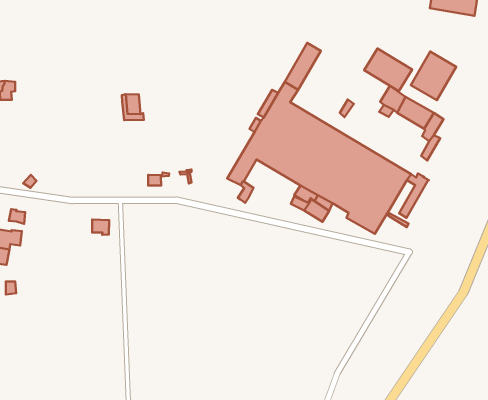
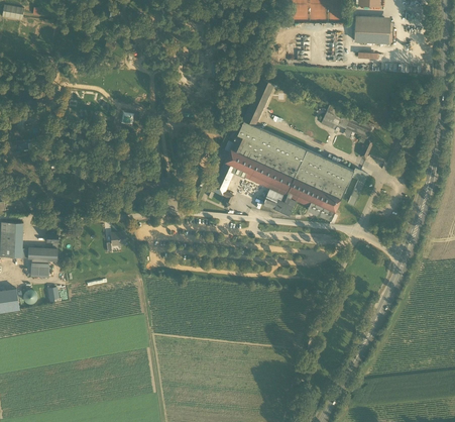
building: [364,48,412,91] -> none
building: [411,52,456,100] -> none

